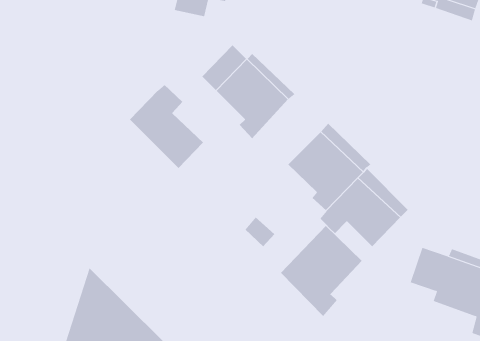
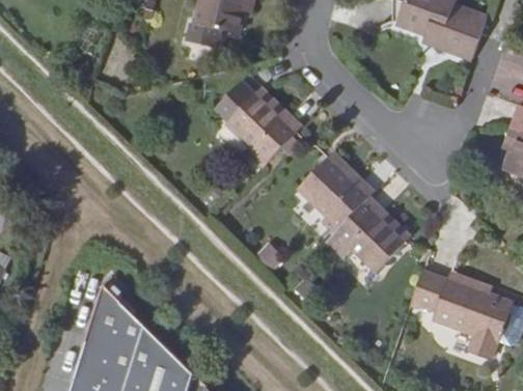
building: [129,84,204,169] -> none
building: [280,225,362,317] -> none

